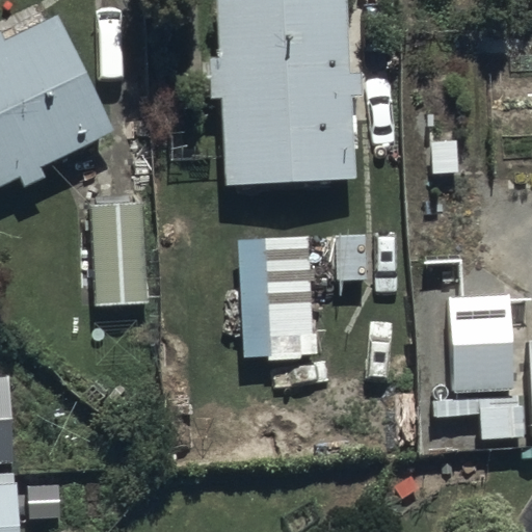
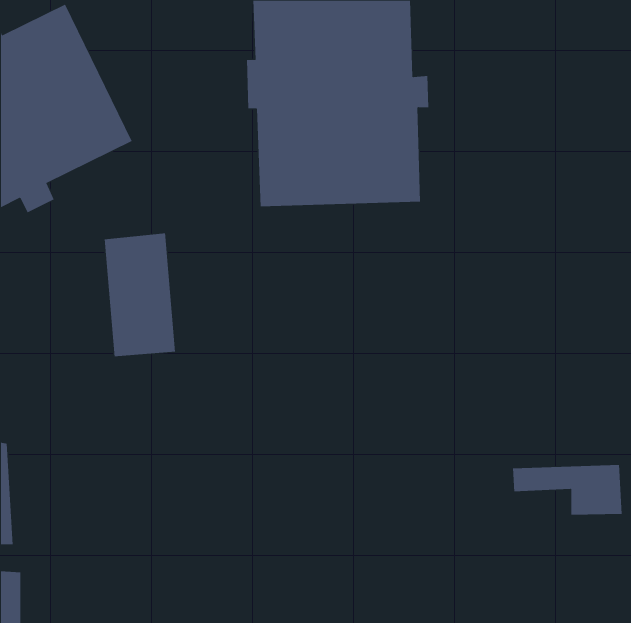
building: [236,239,318,358] -> none
building: [447,294,513,394] -> none

